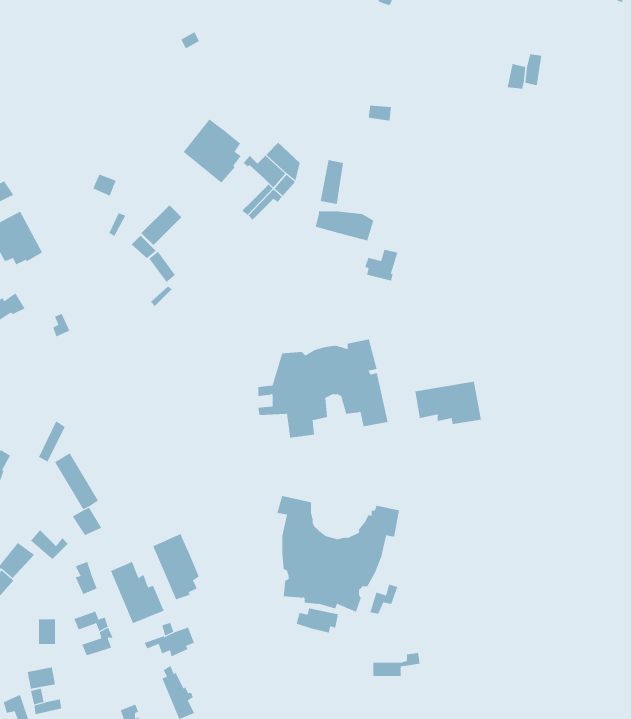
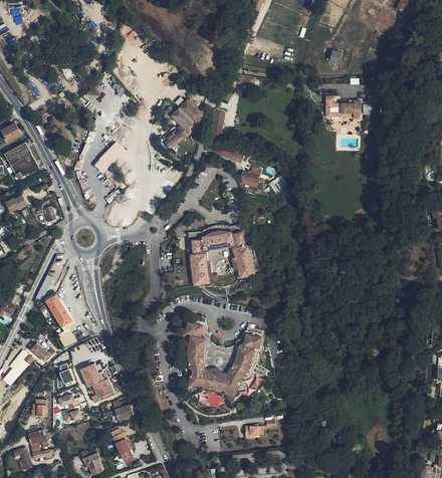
building: [183,119,241,183] -> none
building: none -> [326,94,363,117]
building: [415,381,482,425] -> none
building: [153,533,200,600] -> none

